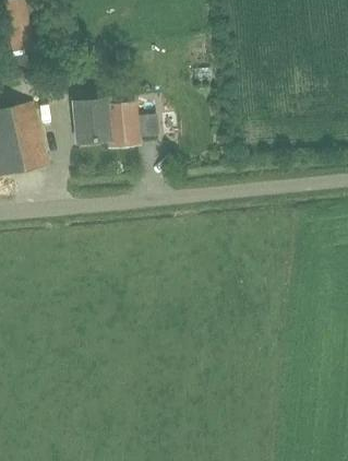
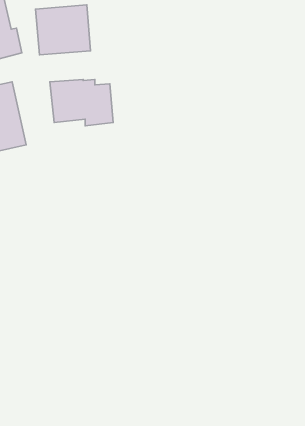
building: none -> [36,5,91,55]

